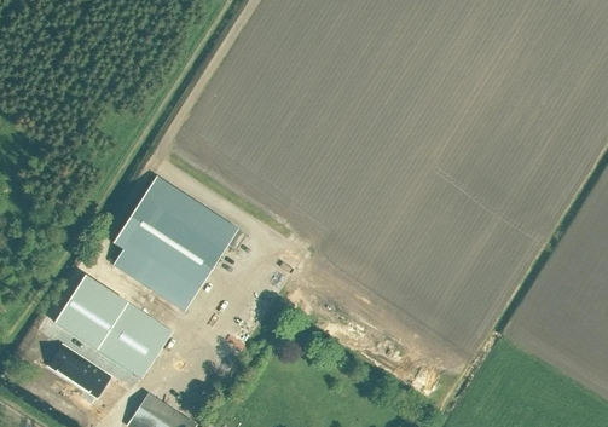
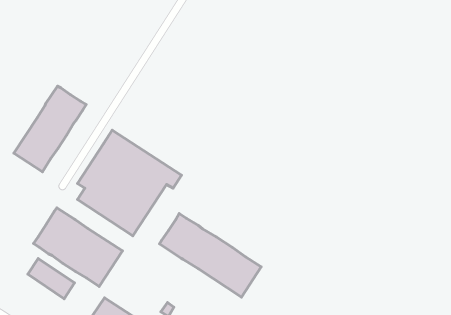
building: none -> [14,86,86,172]
building: none -> [160,214,261,297]

